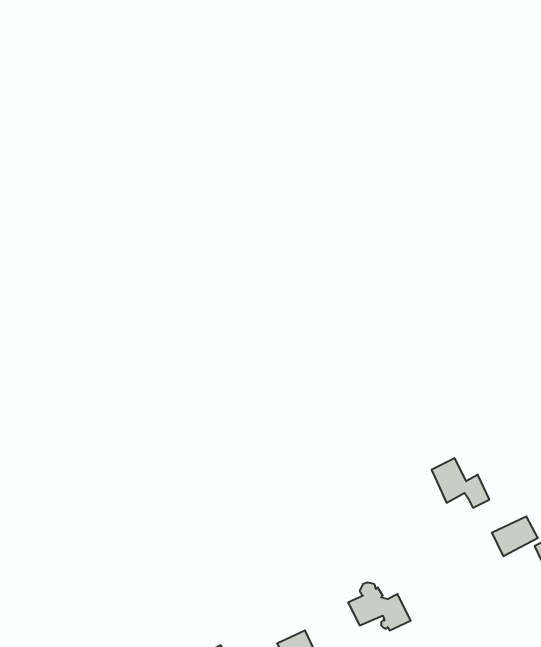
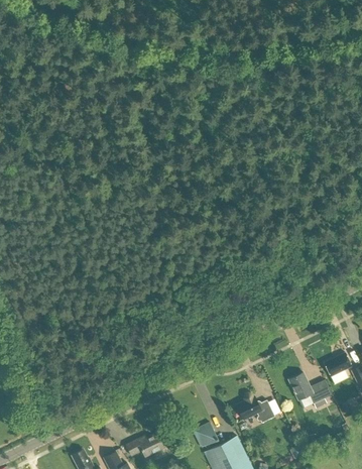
building: [432,458,489,508] -> [288,372,324,402]

